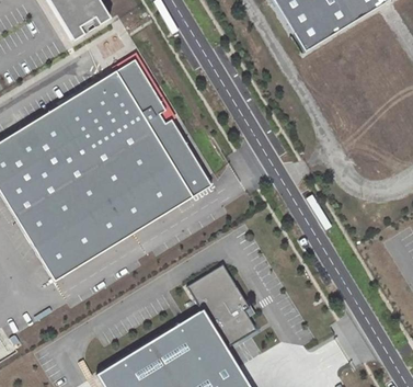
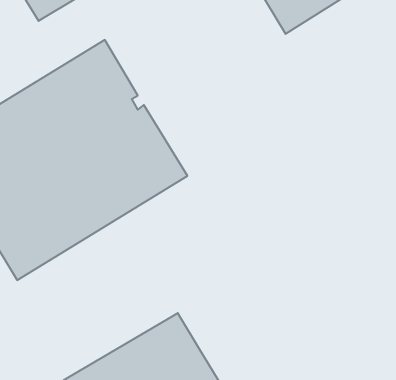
building: [190,265,257,346] -> none

